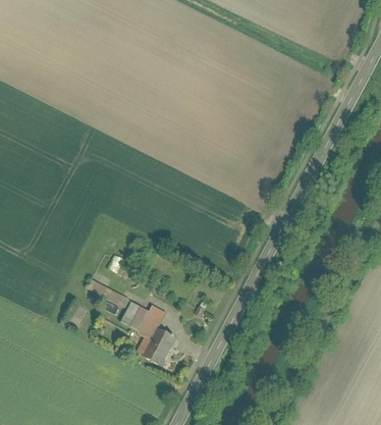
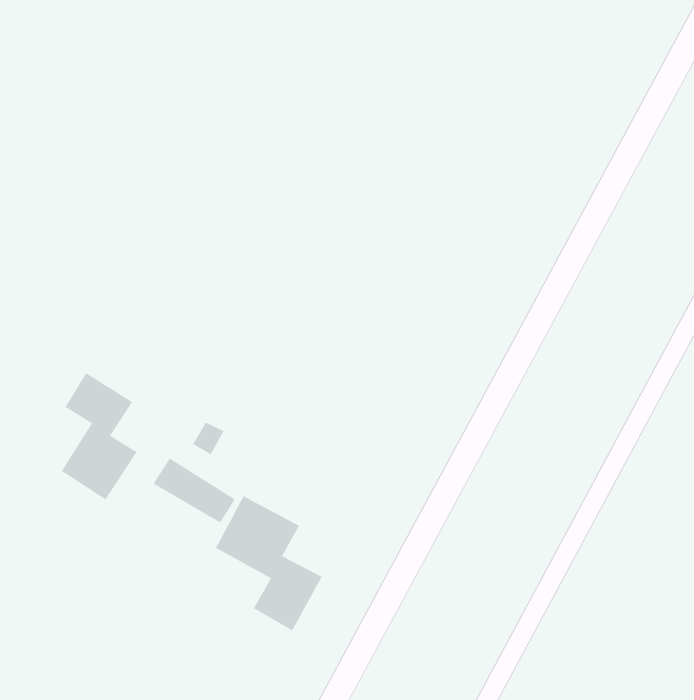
building: none -> [61,372,137,500]

